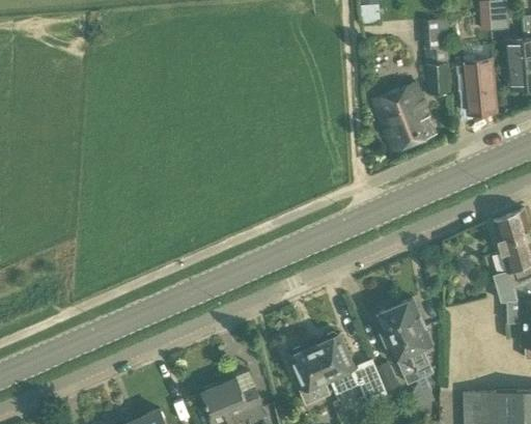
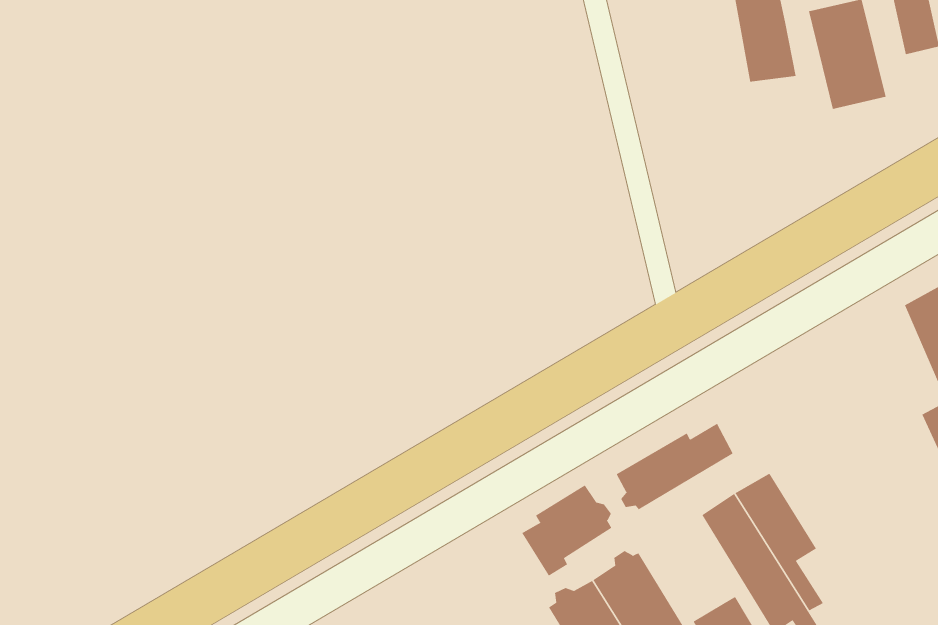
building: [371,83,434,150] -> none
building: none -> [616,423,734,510]
building: none -> [521,485,612,577]

